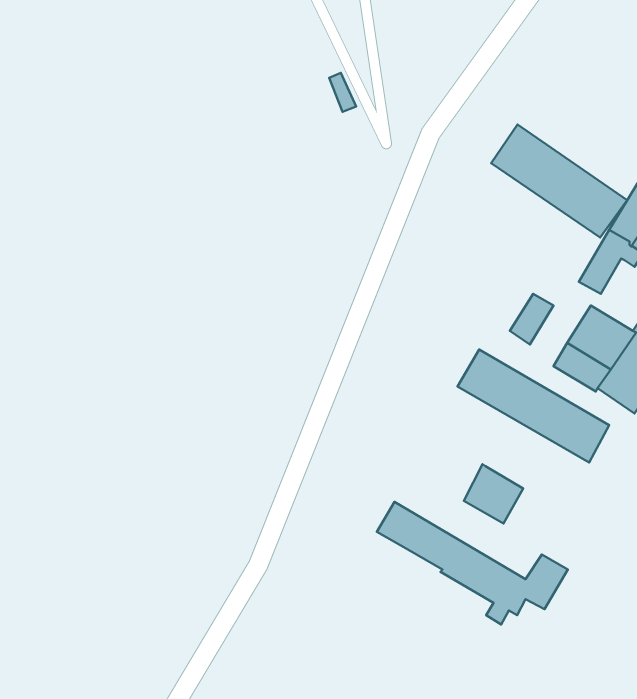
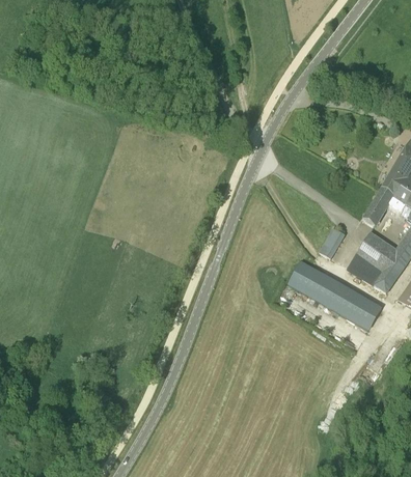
building: [491,124,627,238] -> none
building: [464,464,523,524] -> none
building: [377,502,568,624] -> none

